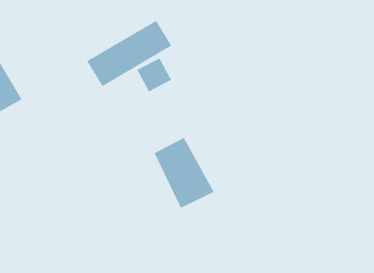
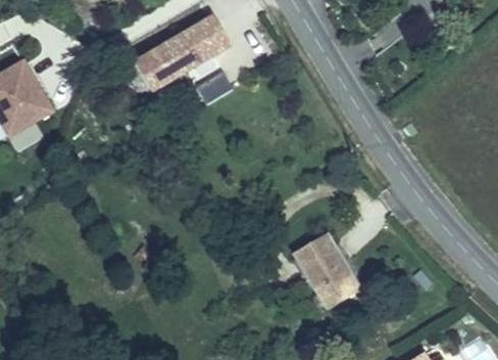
building: [154,137,215,209] -> [295,218,366,302]

